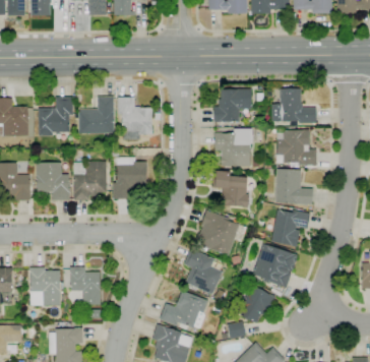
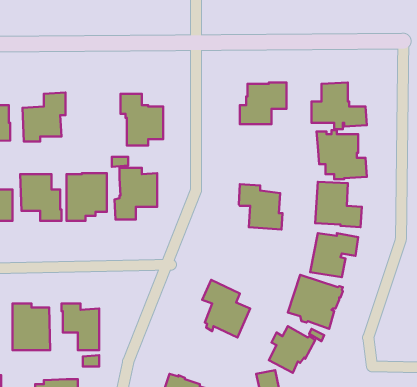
building: [79,97,115,133] -> none
building: [214,129,252,166] -> none
building: [195,210,240,255] -> none
building: [160,291,208,328] -> none

